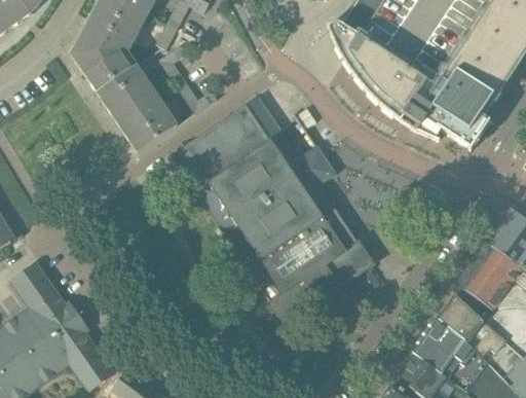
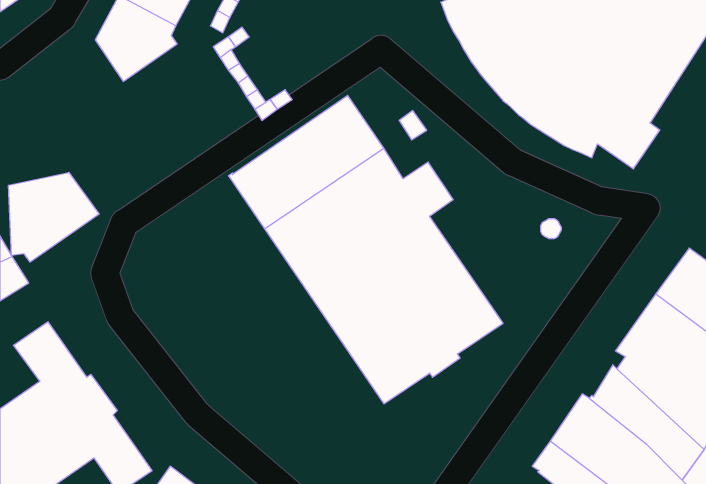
building: [91,57,177,151] -> none
building: none -> [8,172,99,262]

